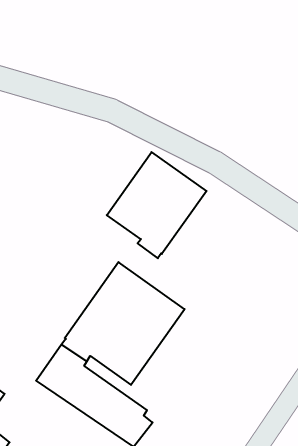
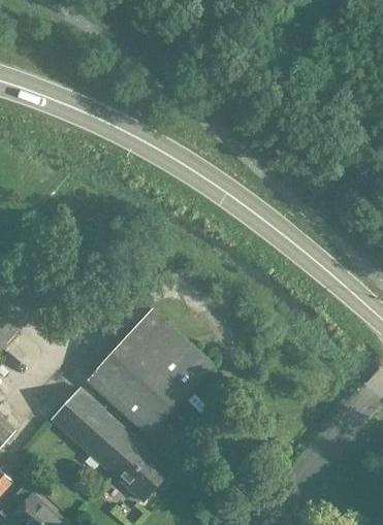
building: [107,152,207,258] -> none

